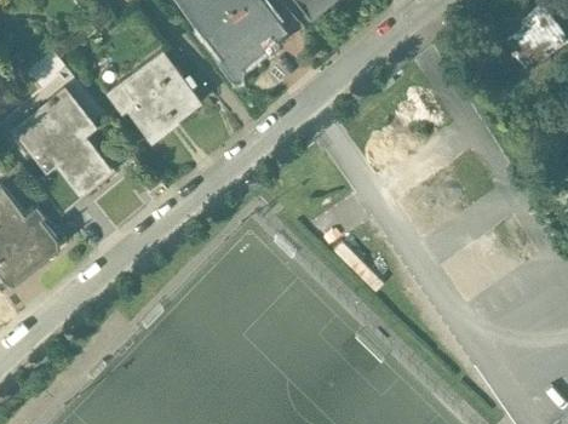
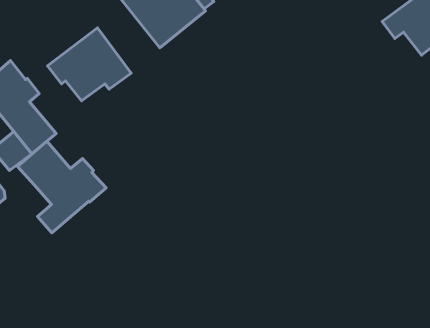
building: none -> [18,141,106,233]

